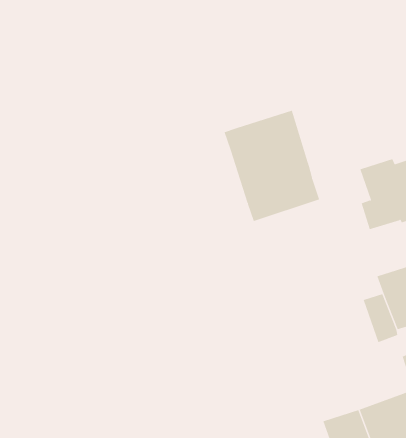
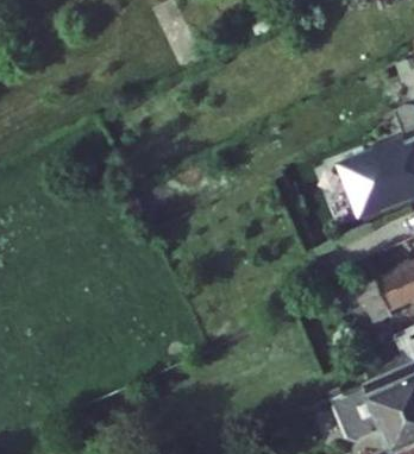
building: [224,110,320,222] -> none

